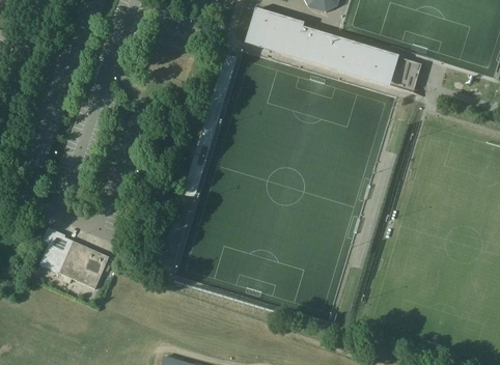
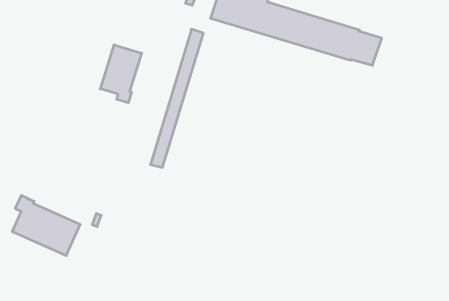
building: none -> [100,45,142,103]

